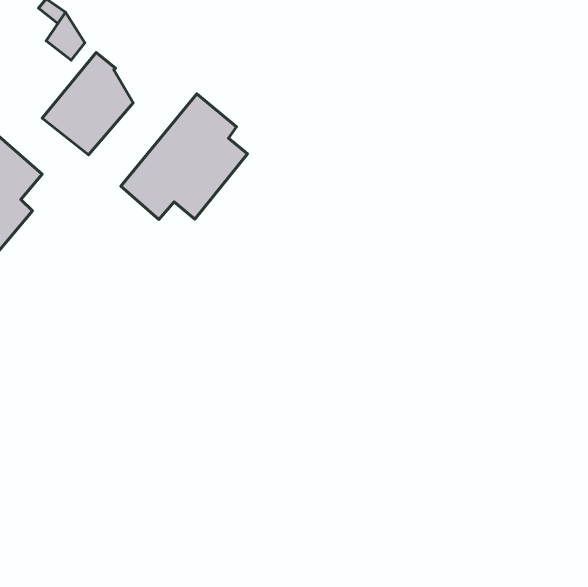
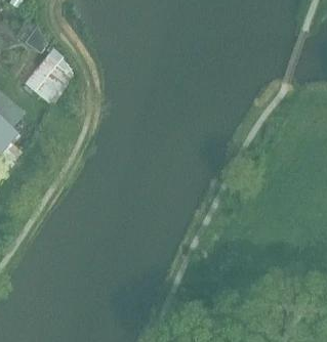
building: [121,94,248,219] -> none

